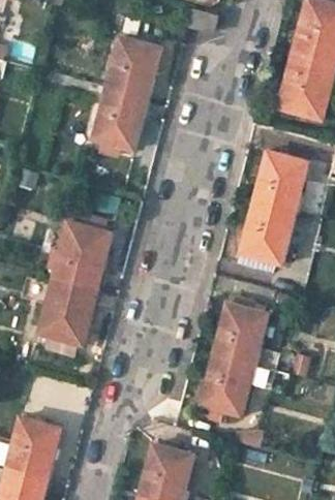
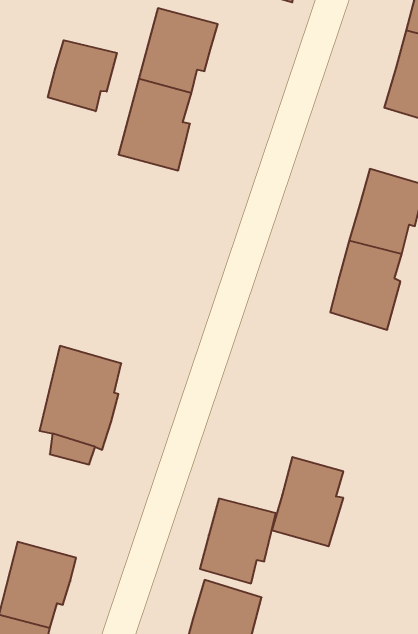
building: none -> [48,40,117,111]
building: [49,221,110,288] -> none
building: [213,305,267,365] -> [200,499,276,583]

